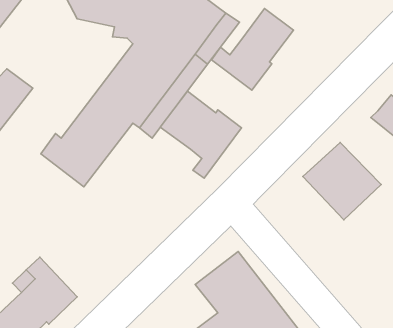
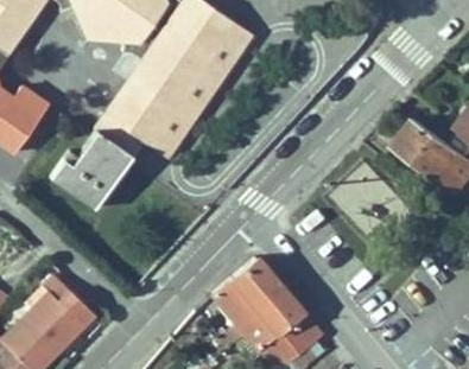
building: [211,8,293,90] -> none
building: [160,91,242,178] -> none

